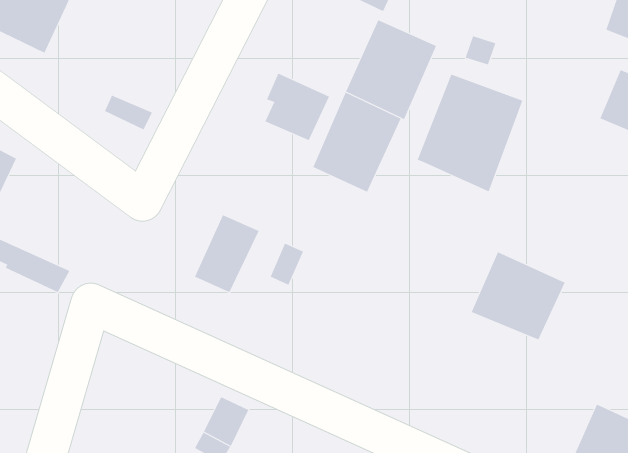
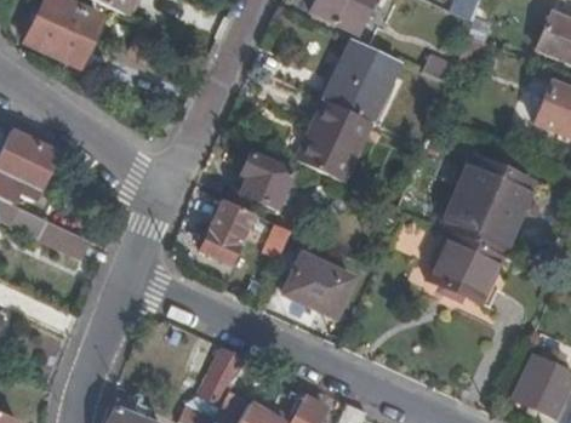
building: [265,73,330,141] -> [240,153,293,208]
building: [417,74,523,192] -> [444,156,531,253]
building: none -> [284,256,352,318]

